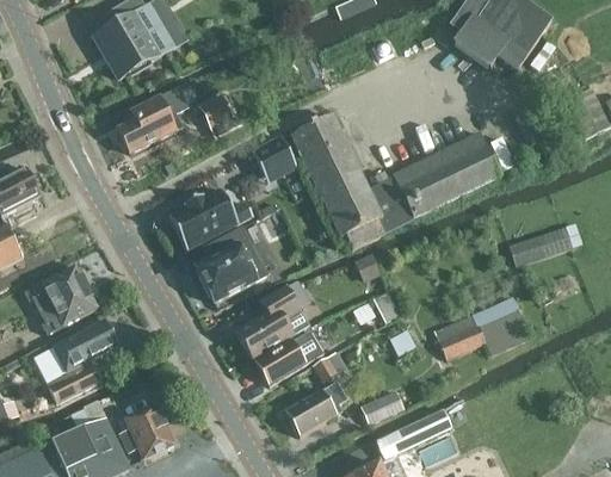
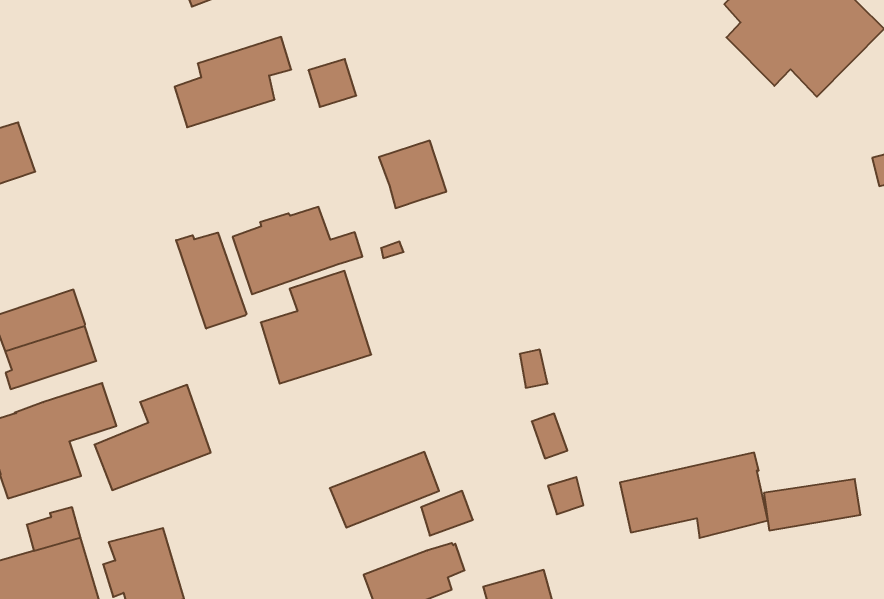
building: [292,116,500,249] -> none
building: none -> [176,233,247,329]
building: [510,227,572,267] -> [764,479,861,530]
building: [236,286,309,359] -> [94,385,211,490]

